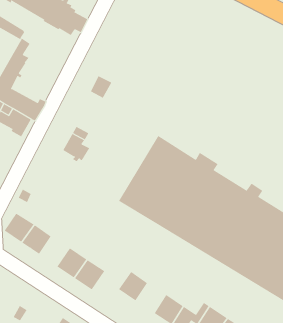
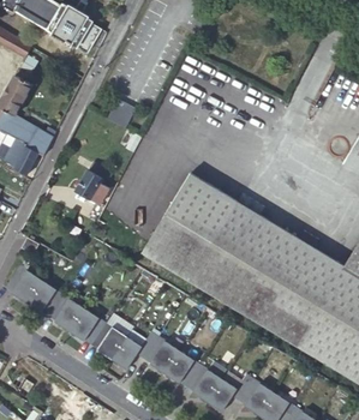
building: none -> [49,295,85,331]
building: none -> [113,332,160,370]
building: none -> [166,352,202,388]

